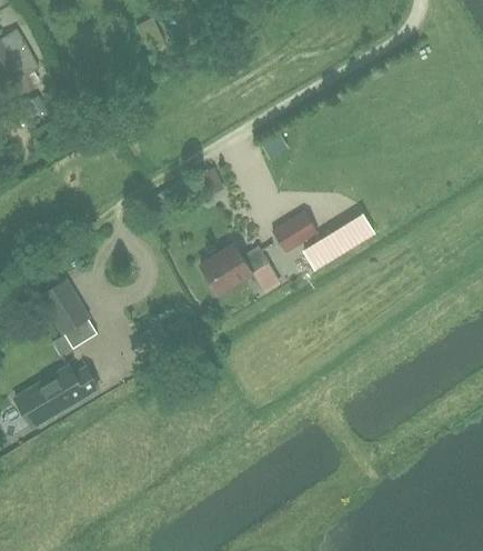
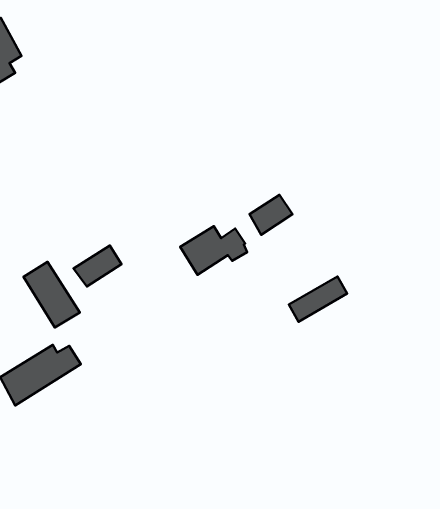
building: [306,222,366,269] -> [289,276,347,322]
building: none -> [73,245,121,286]

